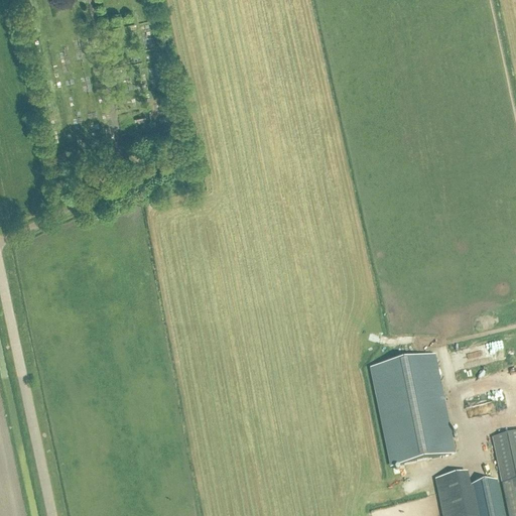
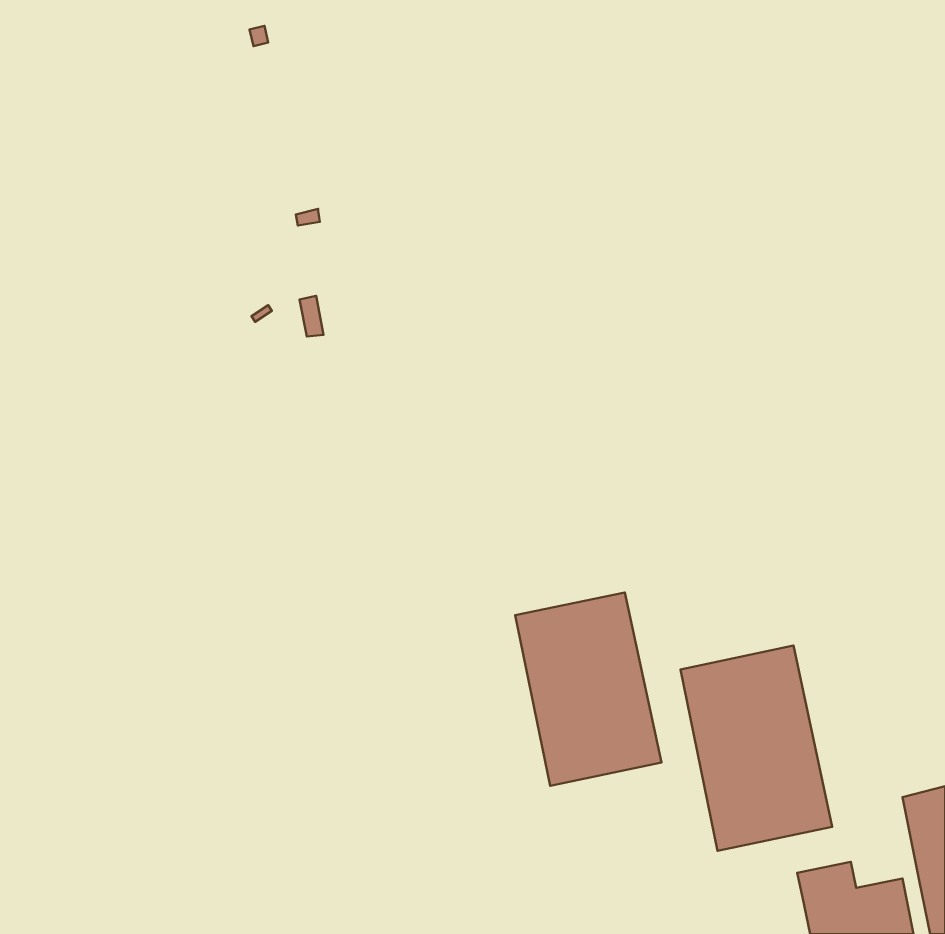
building: none -> [515,592,661,786]

